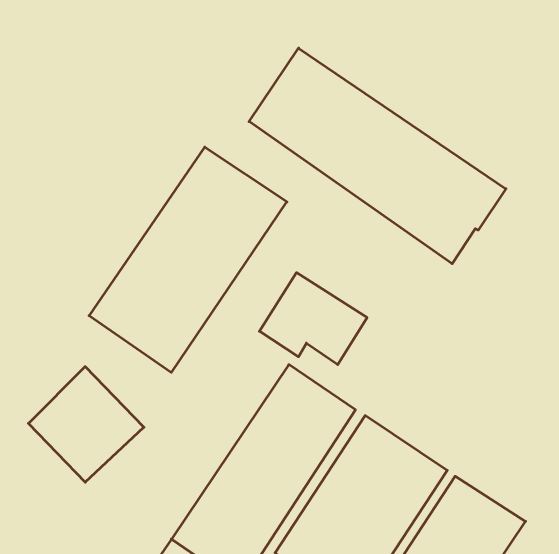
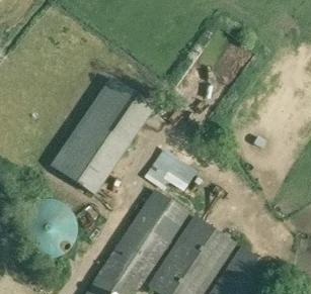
building: [249,48,506,264] -> none

